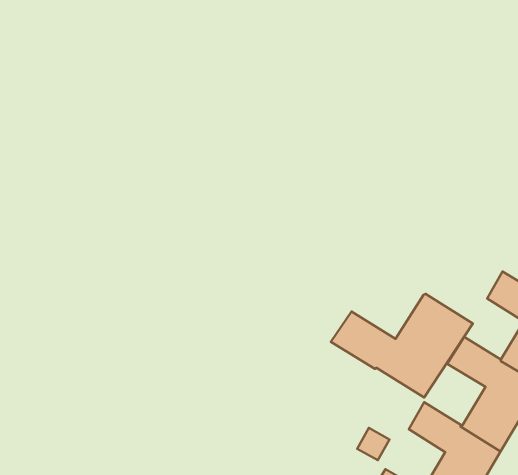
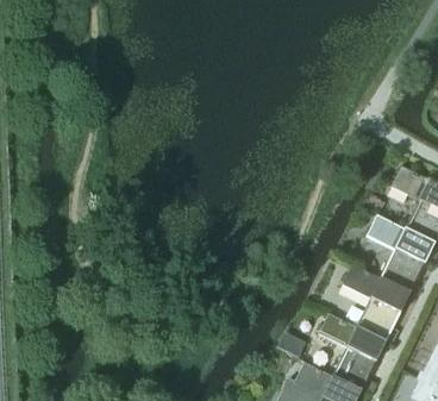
building: [331,294,473,398] -> none

